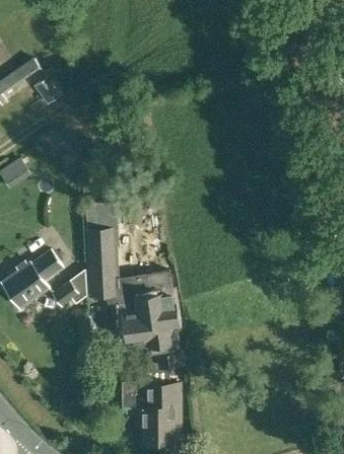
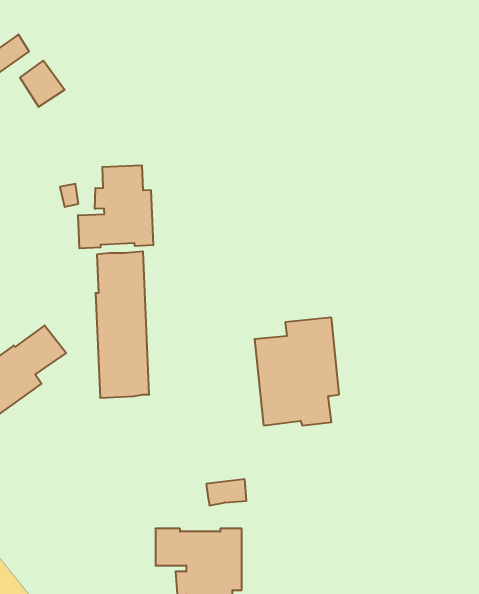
building: none -> [78,165,153,248]
building: [53,272,86,306] -> none
building: [121,273,177,344] -> [254,318,339,425]

